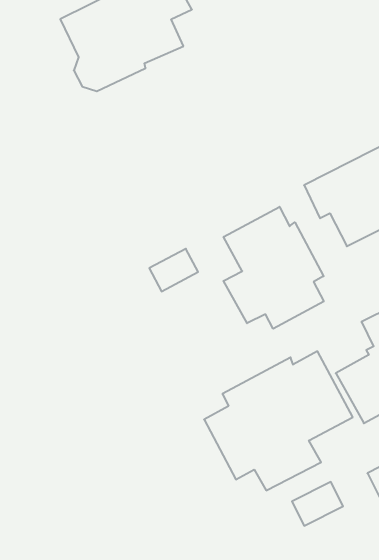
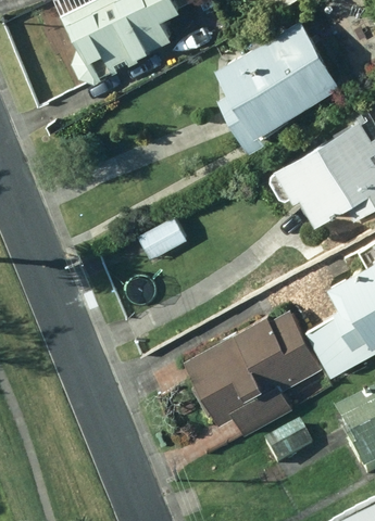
building: none -> [215,23,333,148]
building: [223,207,324,329] -> none

